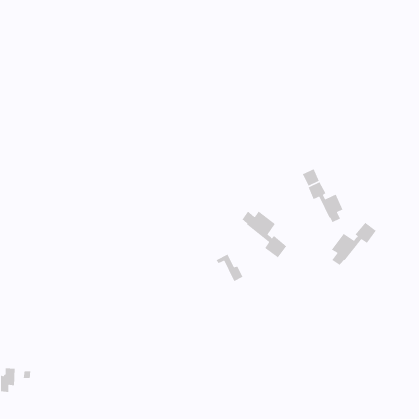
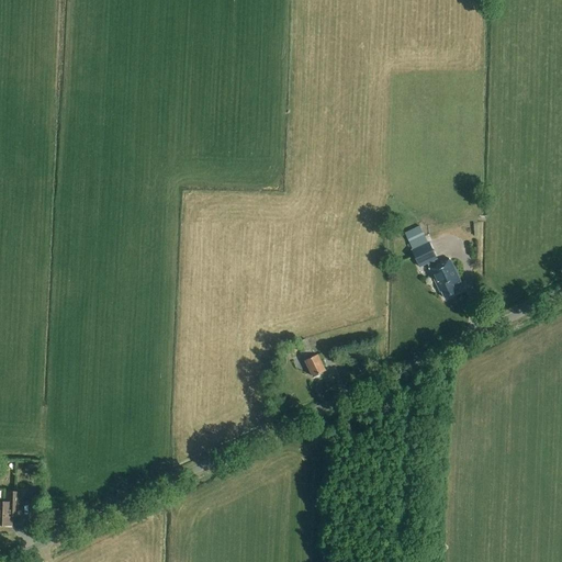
building: [241,210,287,259] -> none
building: [331,222,377,266] -> none

